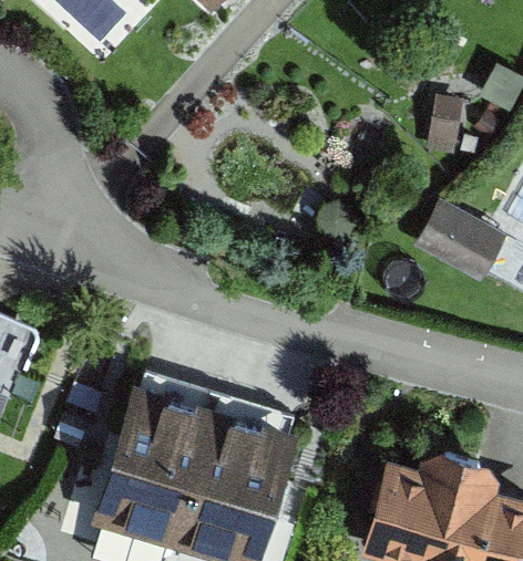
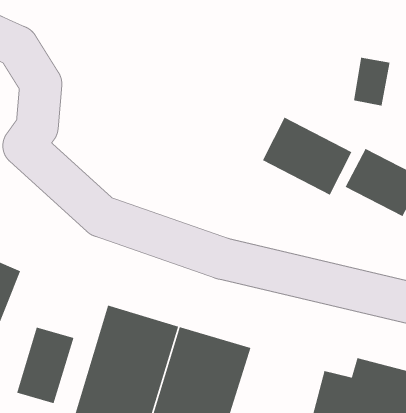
building: none -> [262,117,353,196]
building: none -> [16,326,74,404]

